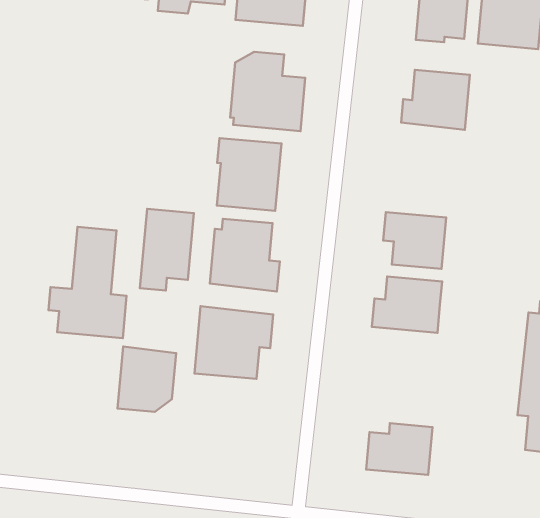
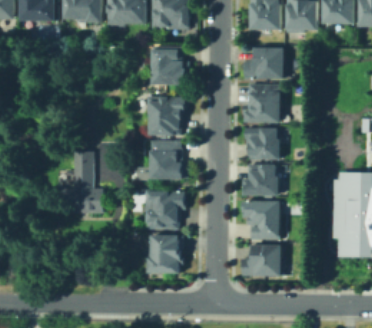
building: none -> [243,85,279,121]
building: [140,209,194,291] -> none
building: none -> [244,204,278,239]
building: [118,347,176,412] -> [151,237,181,272]

